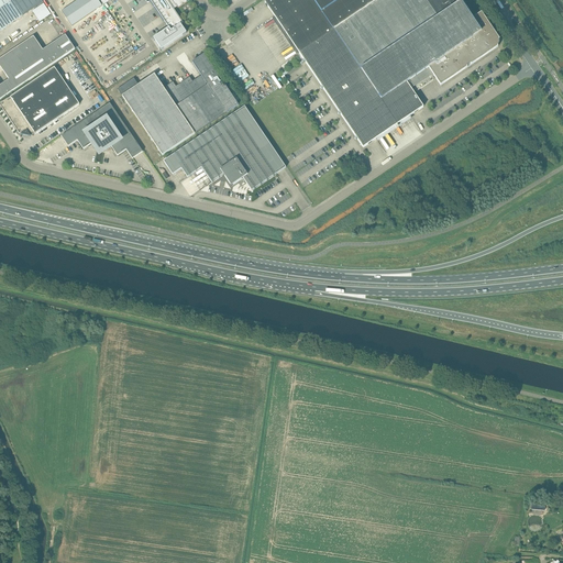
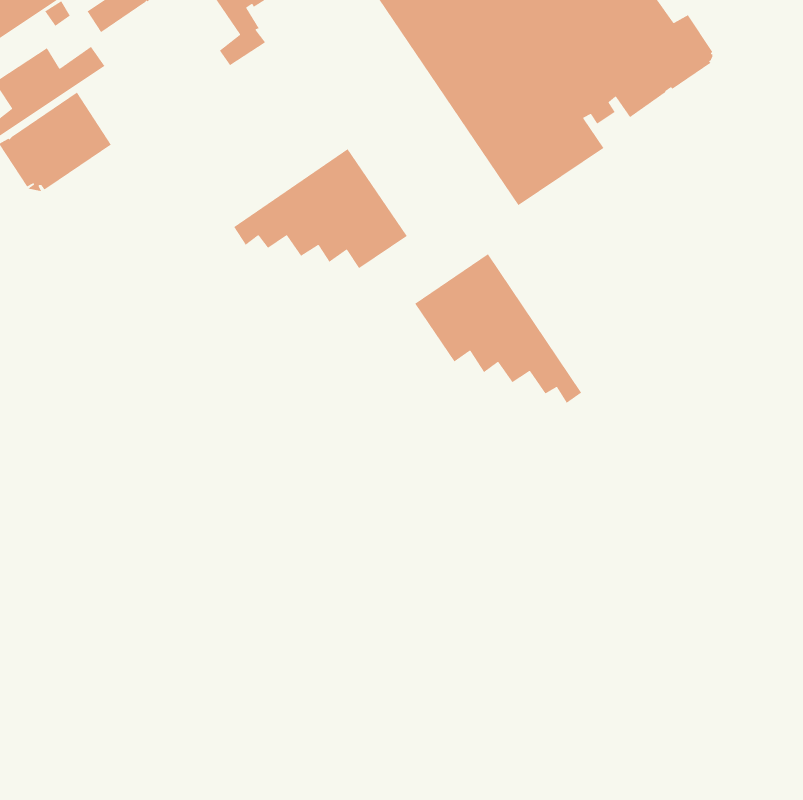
building: [117,51,238,153] -> none
building: [60,100,142,155] -> none
building: none -> [414,253,582,404]

